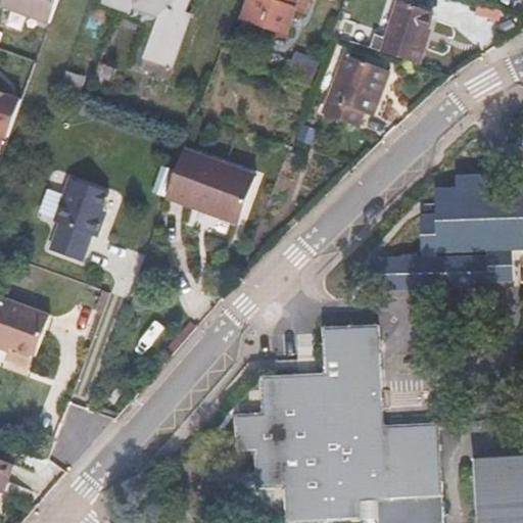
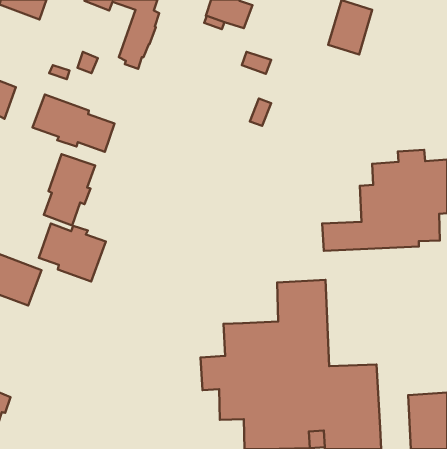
building: [321,54,388,127] -> none
building: none -> [33,95,114,152]
building: [163,148,254,222] -> none
building: none -> [39,224,106,282]

